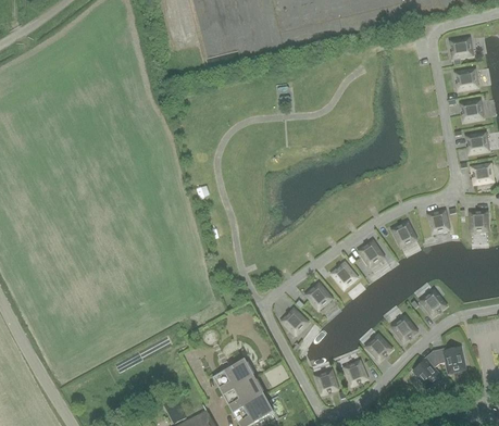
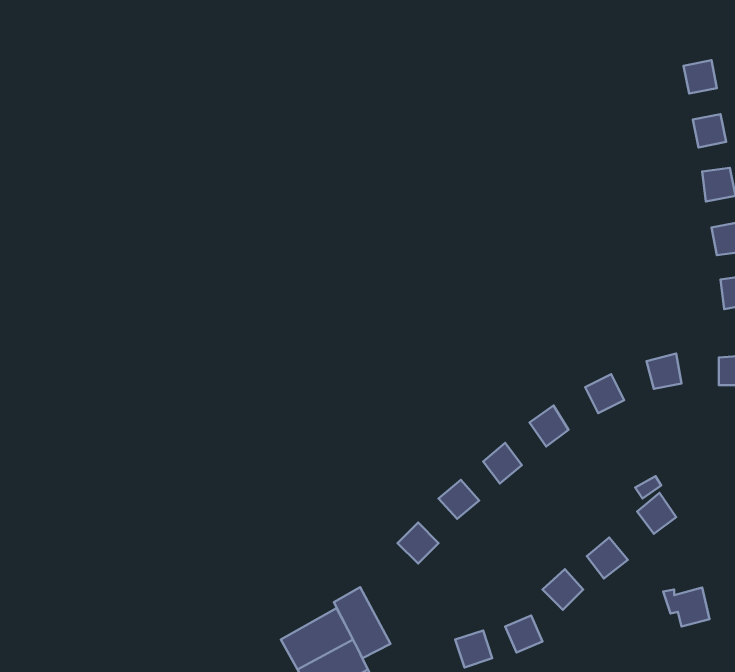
building: none -> [334,587,391,658]
building: [414,348,442,384] -> none

